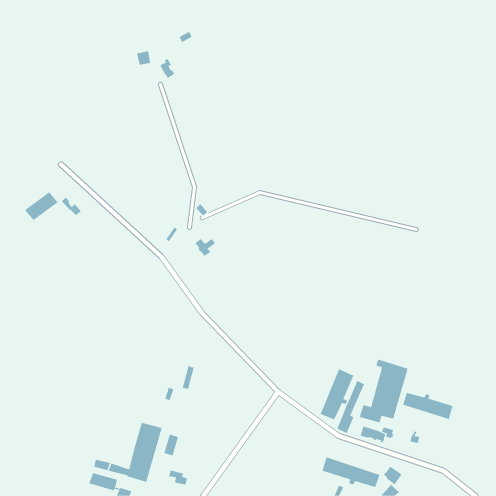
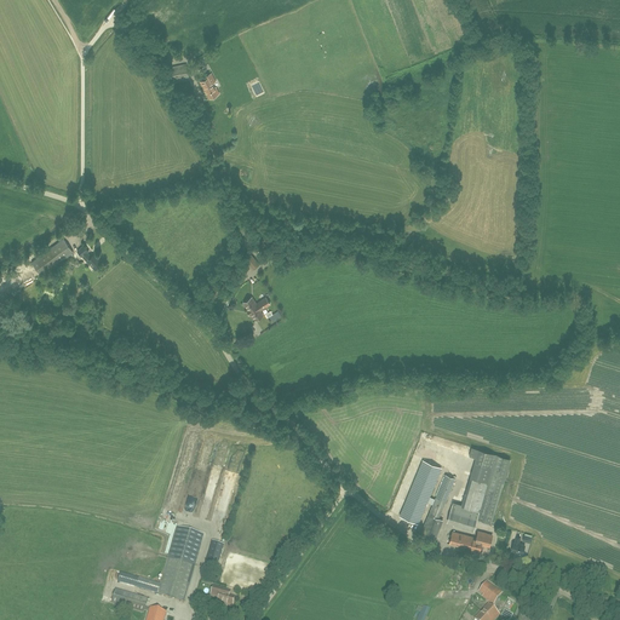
building: [402,392,453,420] -> none
building: [322,456,380,488] -> none

